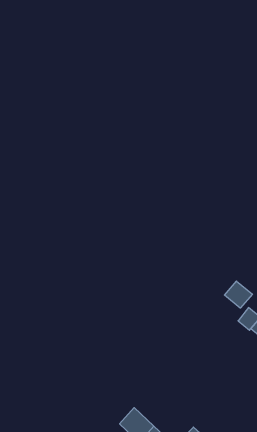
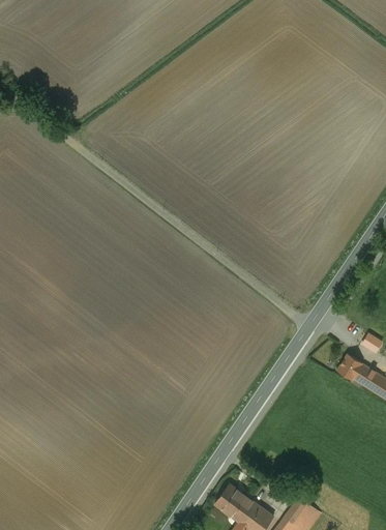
building: [224,281,252,308] -> none

